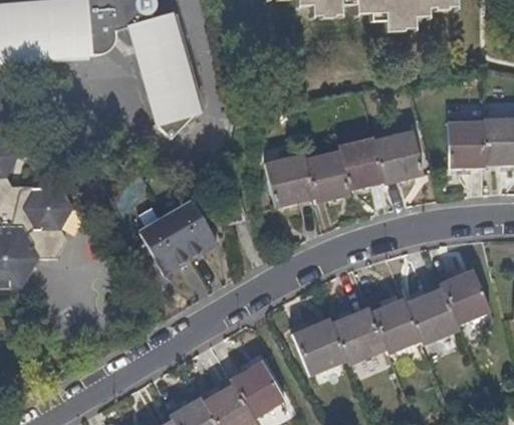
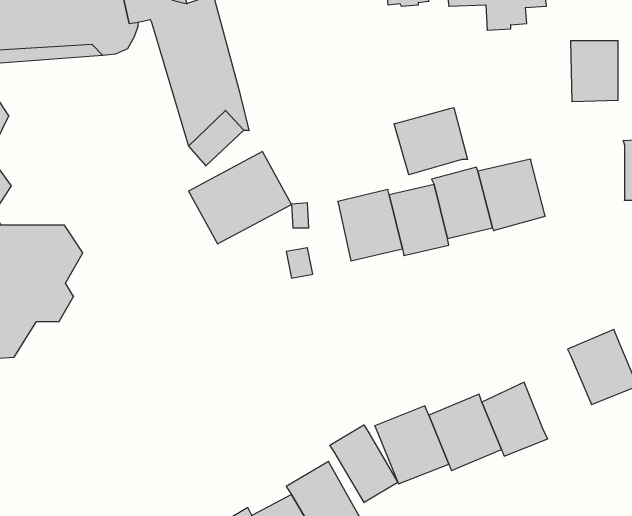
building: none -> [394,108,468,175]
building: [448,121,484,167] -> [571,41,618,101]
building: [141,200,219,270] -> [189,152,292,244]
building: [406,280,461,339] -> none
building: none -> [330,425,398,503]

